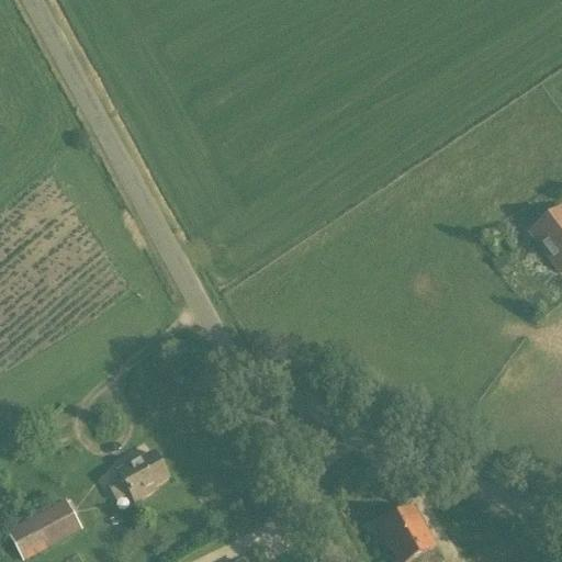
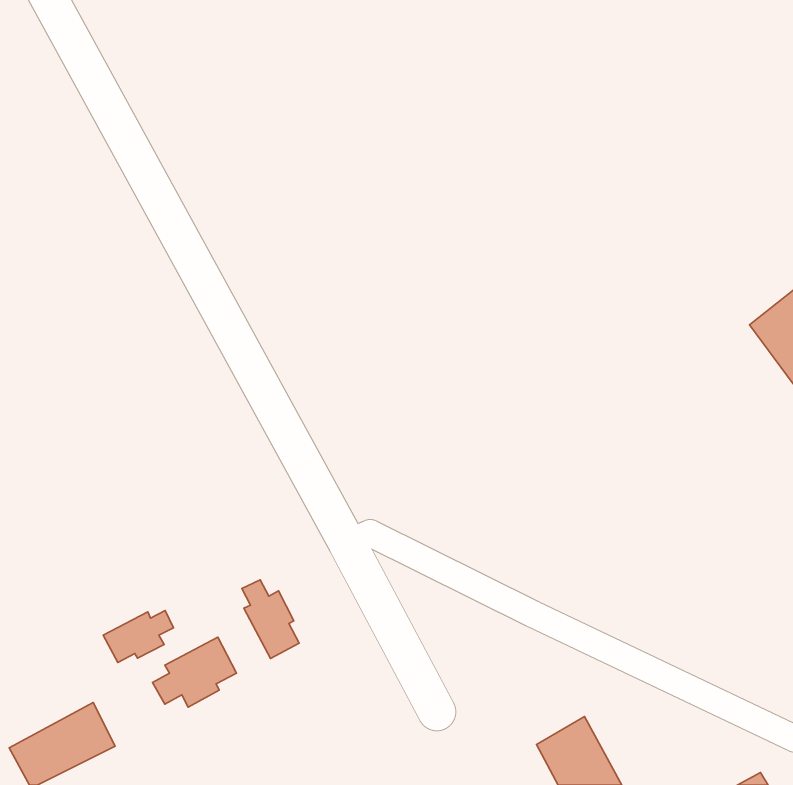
building: none -> [242,580,299,658]
building: none -> [103,610,174,662]

